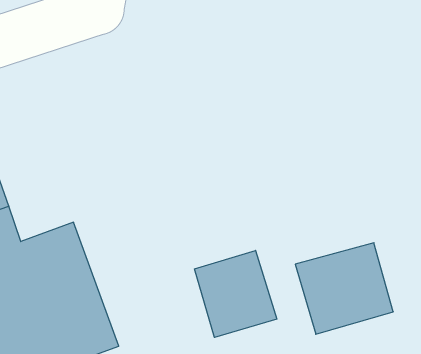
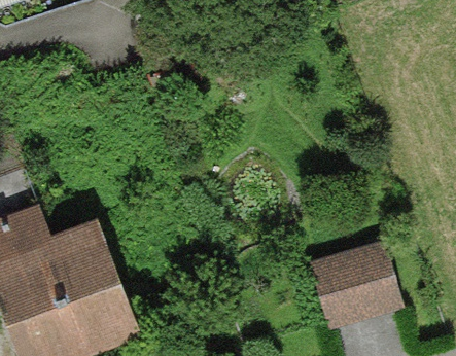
building: [194,250,277,337] -> none

